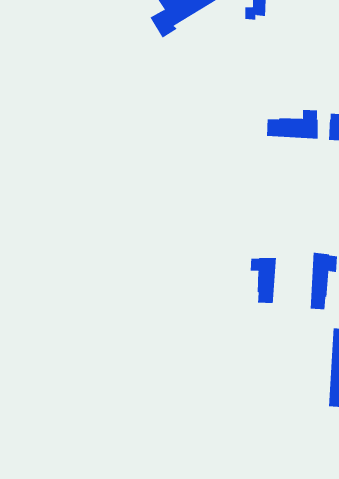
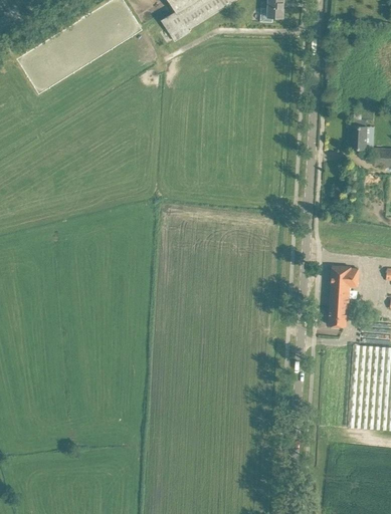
building: [266,109,318,139] -> none
building: [250,257,276,304] -> none

